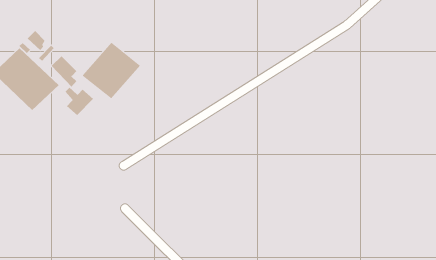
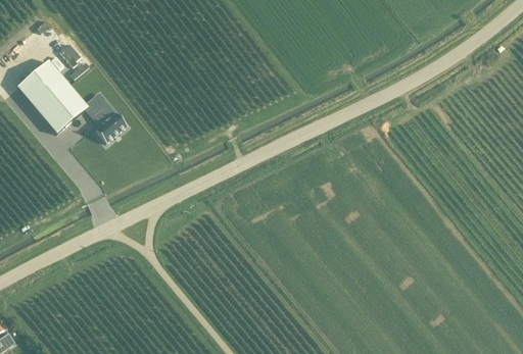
building: [82,42,141,99] -> none

